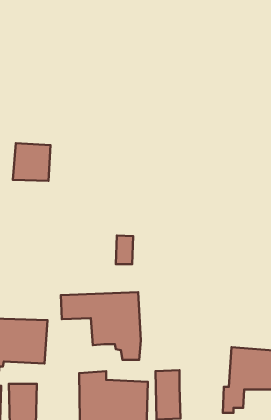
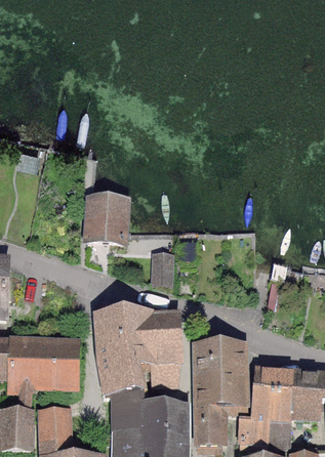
building: [13,143,50,181] -> [86,199,126,239]
building: none -> [95,339,143,398]
building: none -> [194,343,247,412]
building: none -> [240,368,276,442]

